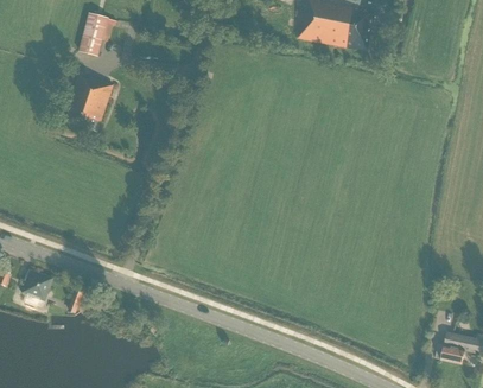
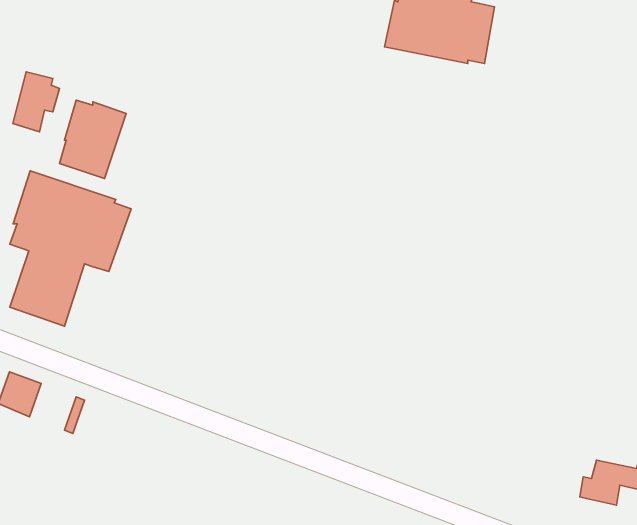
building: [80,12,113,55] -> [13,72,60,132]
building: none -> [10,171,131,326]

